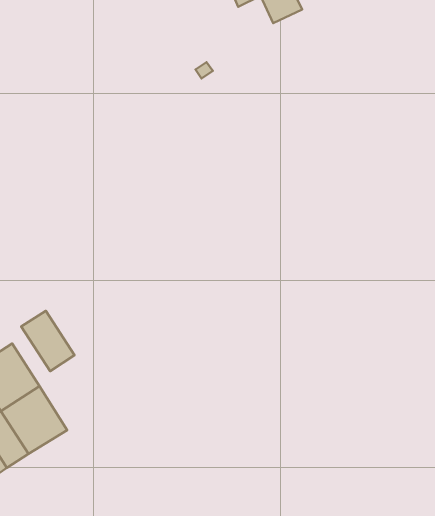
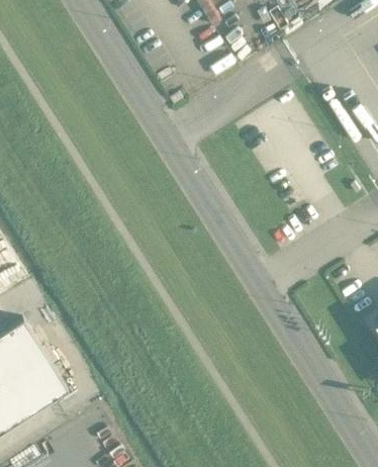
building: [21,311,75,371] -> none

